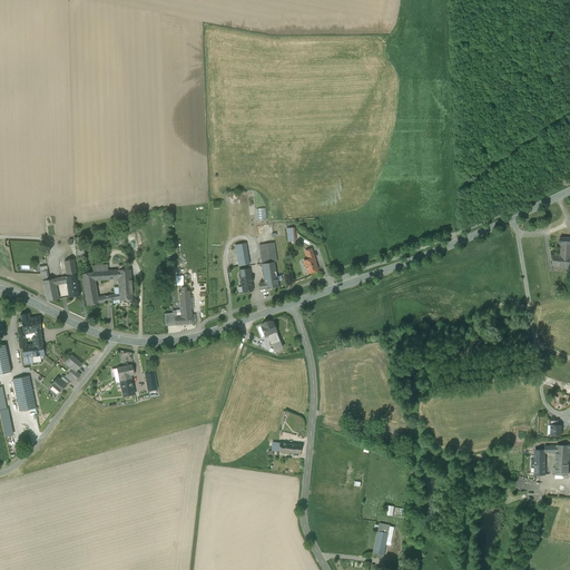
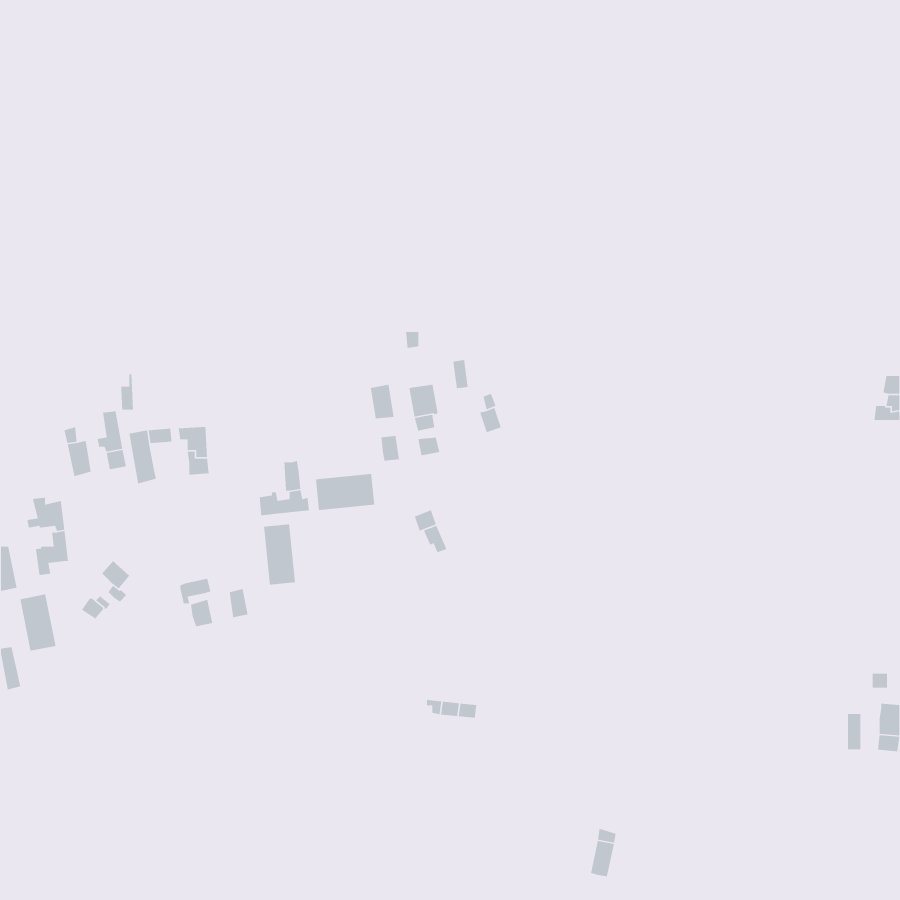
building: none -> [315,473,375,511]
building: none -> [263,523,296,586]

